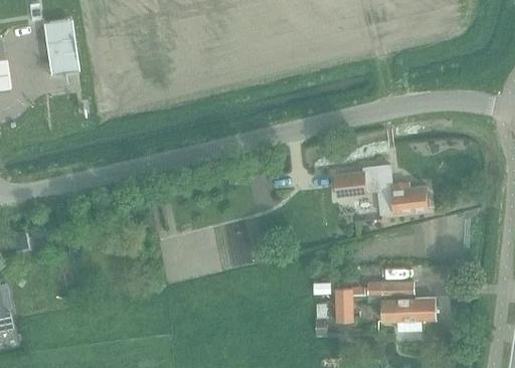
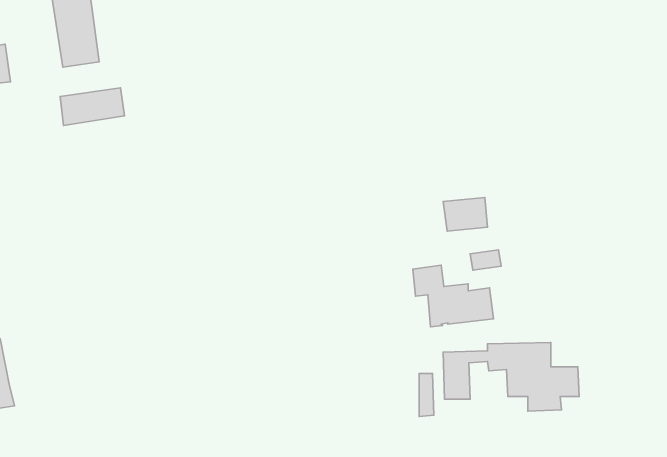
building: none -> [60,88,125,125]
building: [369,169,430,215] -> [413,265,494,327]

